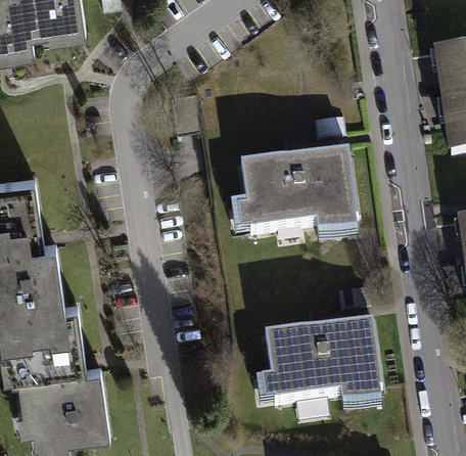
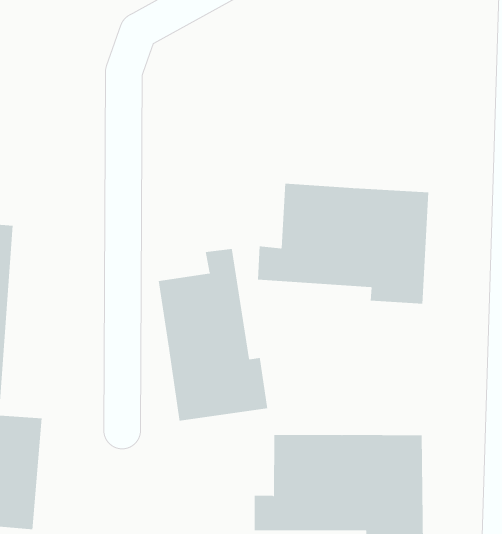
building: none -> [158,248,268,421]

